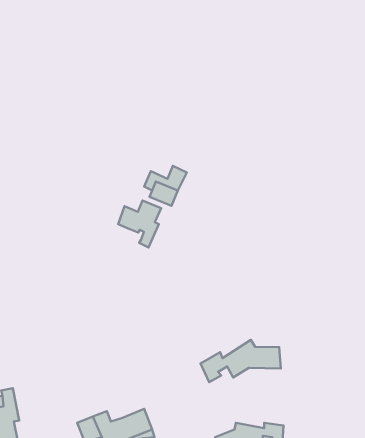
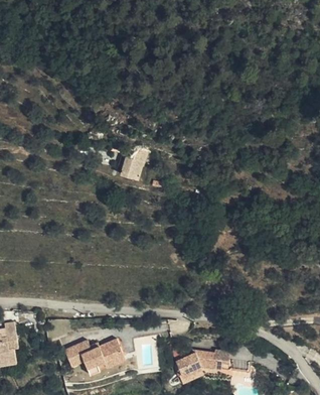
building: [118,200,161,247] -> none
building: [201,340,281,382] -> none

